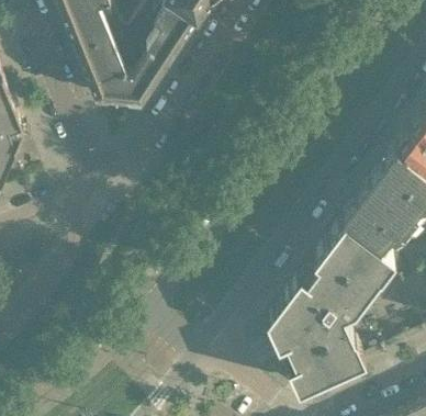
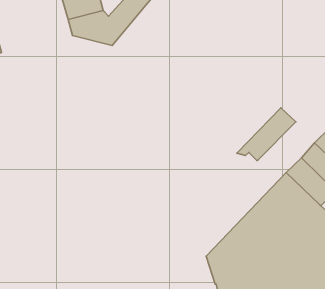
building: none -> [237,108,296,160]

